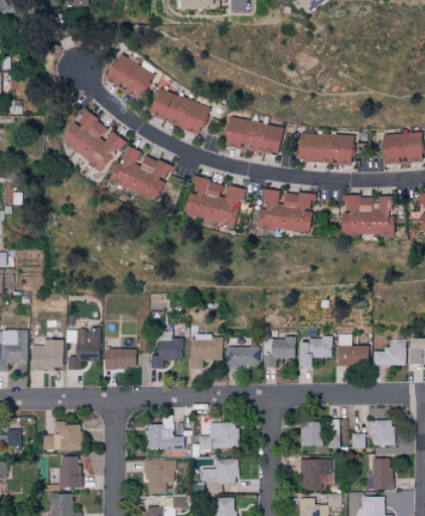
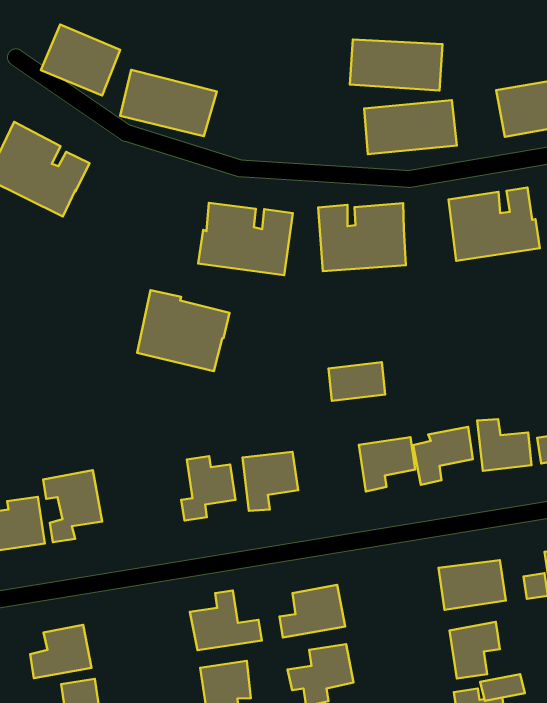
building: [223,116,283,155] -> [350,40,442,91]
building: [111,144,171,200] -> [137,290,230,371]
building: [227,346,261,367] -> [328,362,385,401]
building: [104,348,135,368] -> none

